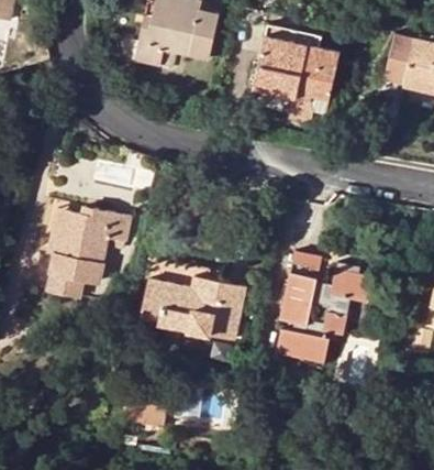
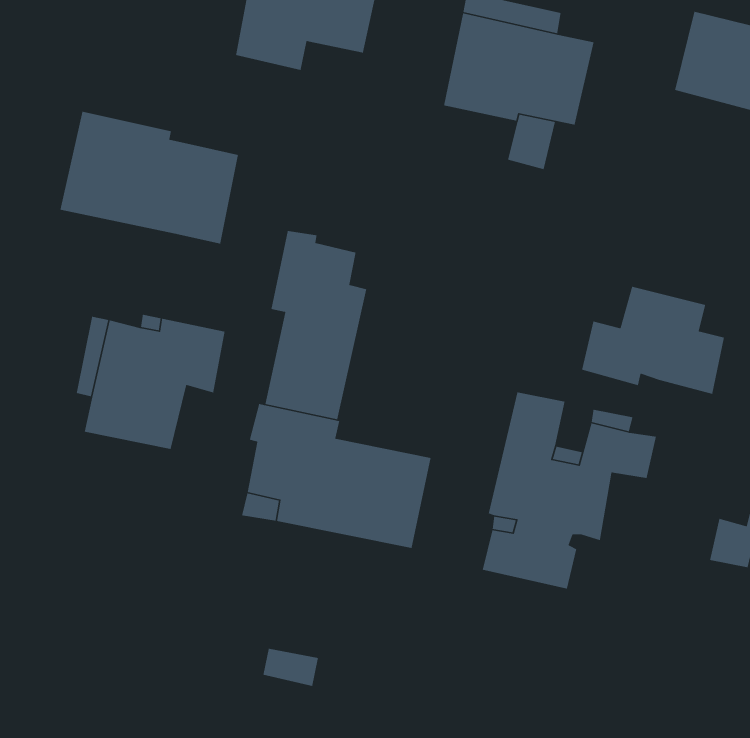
building: none -> [60,111,239,244]
building: none -> [264,230,367,420]
building: none -> [581,286,725,395]

